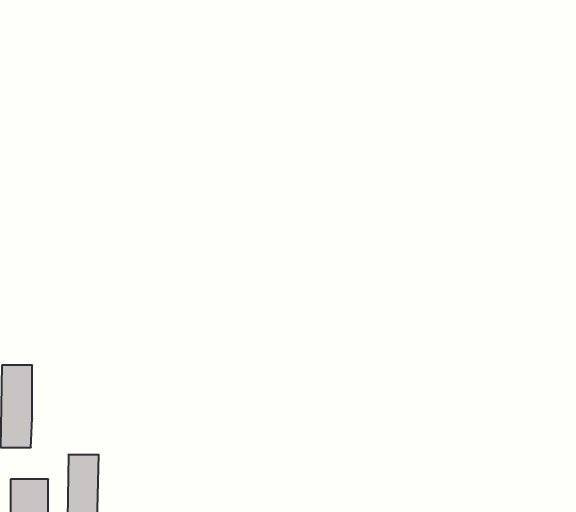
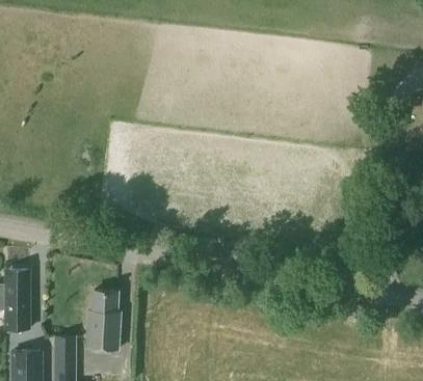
building: none -> [87,292,121,349]

